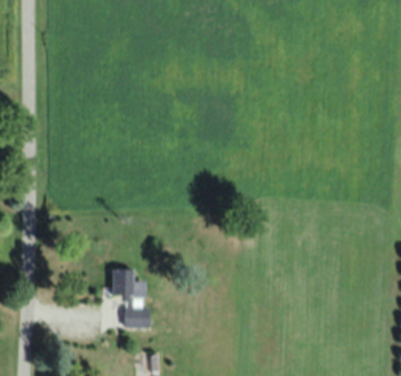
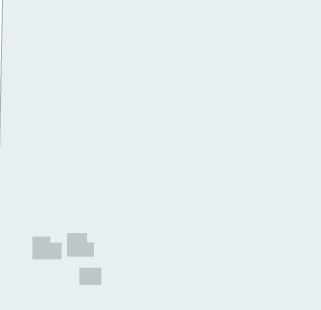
building: none -> [32,236,62,260]

